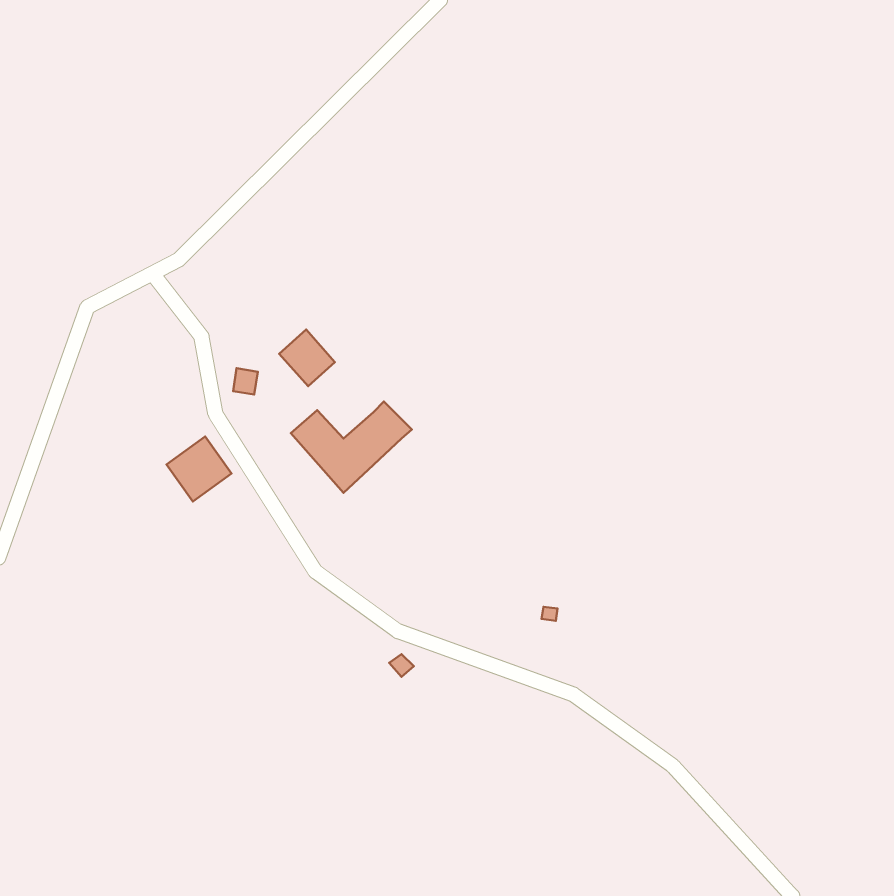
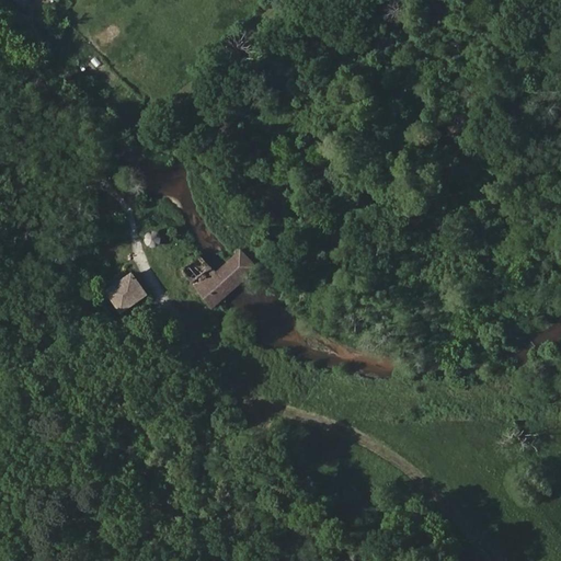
building: [279,330,335,386] -> none

